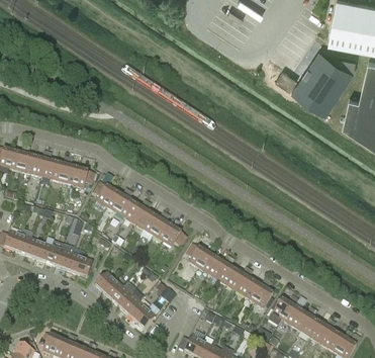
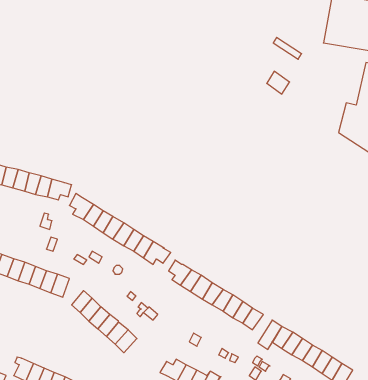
building: [292,47,356,111] -> none

